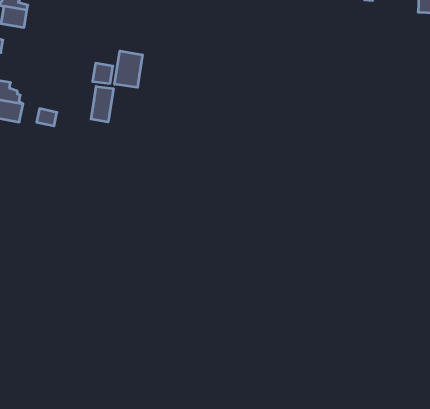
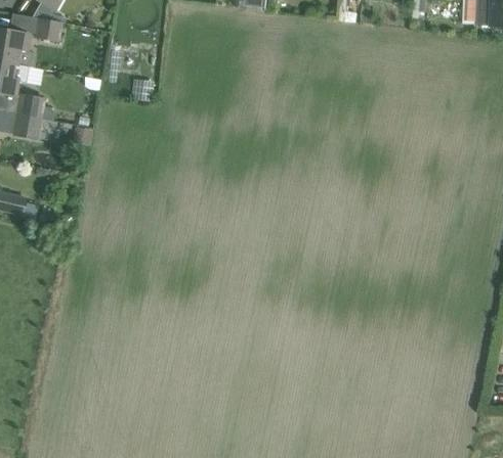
building: [115,51,142,87] -> none
building: [91,86,113,122] -> none

